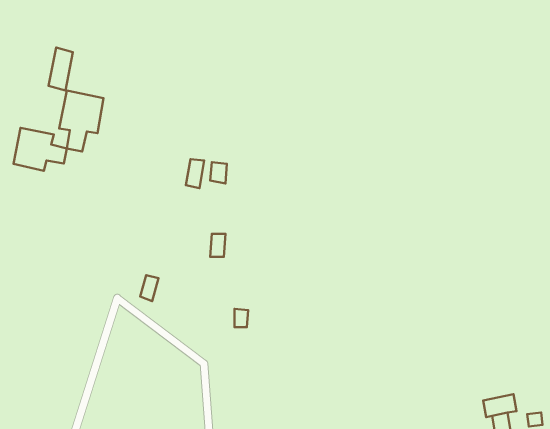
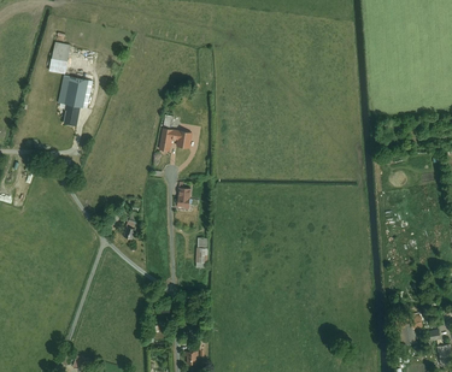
building: [14,128,67,171] -> none

